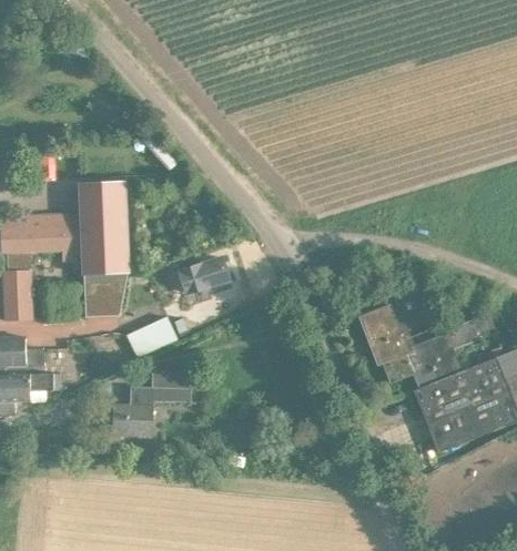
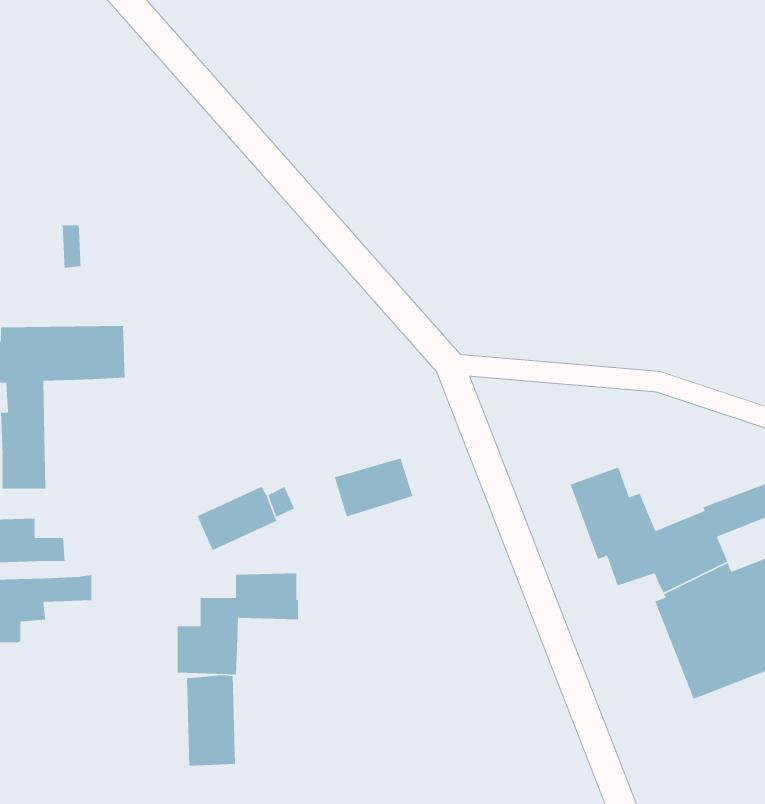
building: [79,182,126,317] -> none
building: [179,258,229,296] -> [334,458,413,518]
building: none -> [186,675,236,766]

